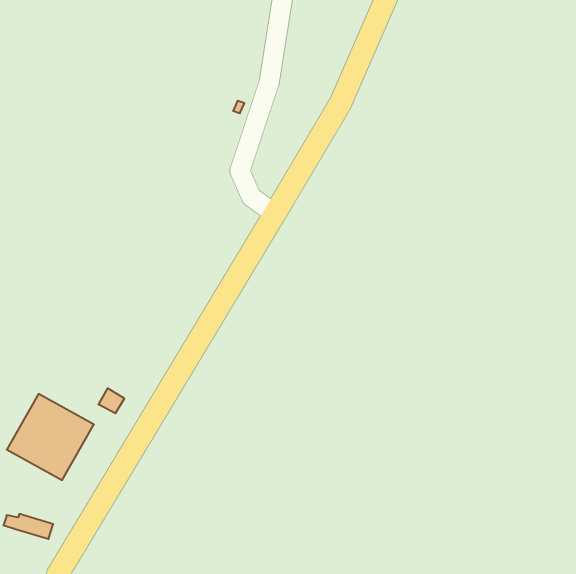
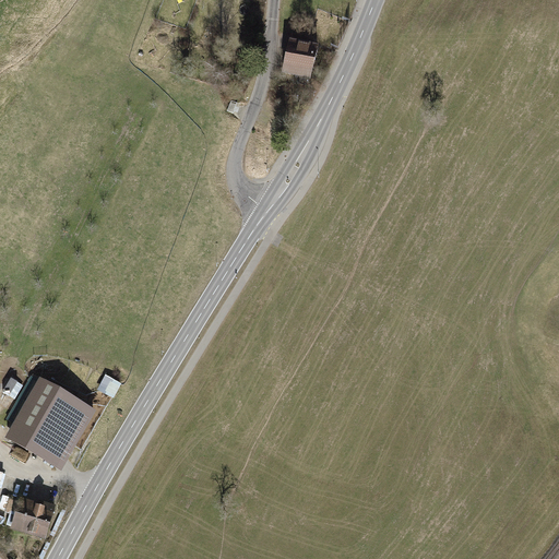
building: none -> [282,38,316,78]
building: none -> [10,510,47,535]

